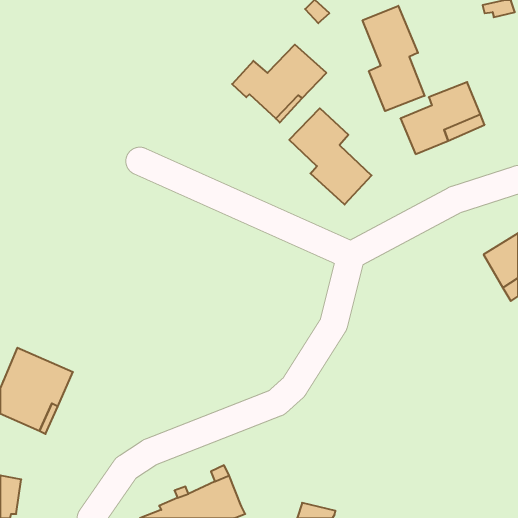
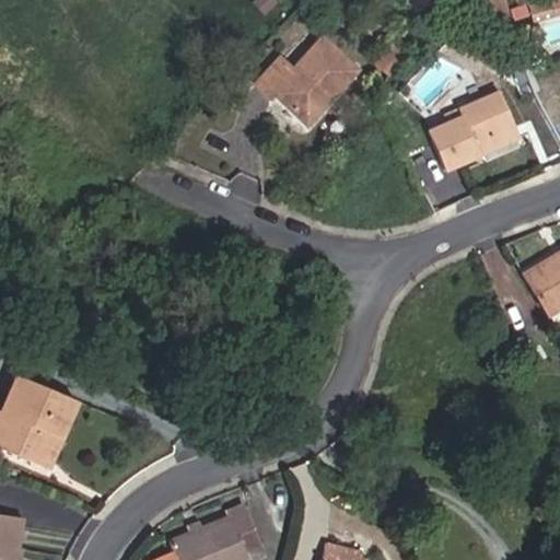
building: [363,6,425,111] -> none
building: [289,108,372,205] -> none

